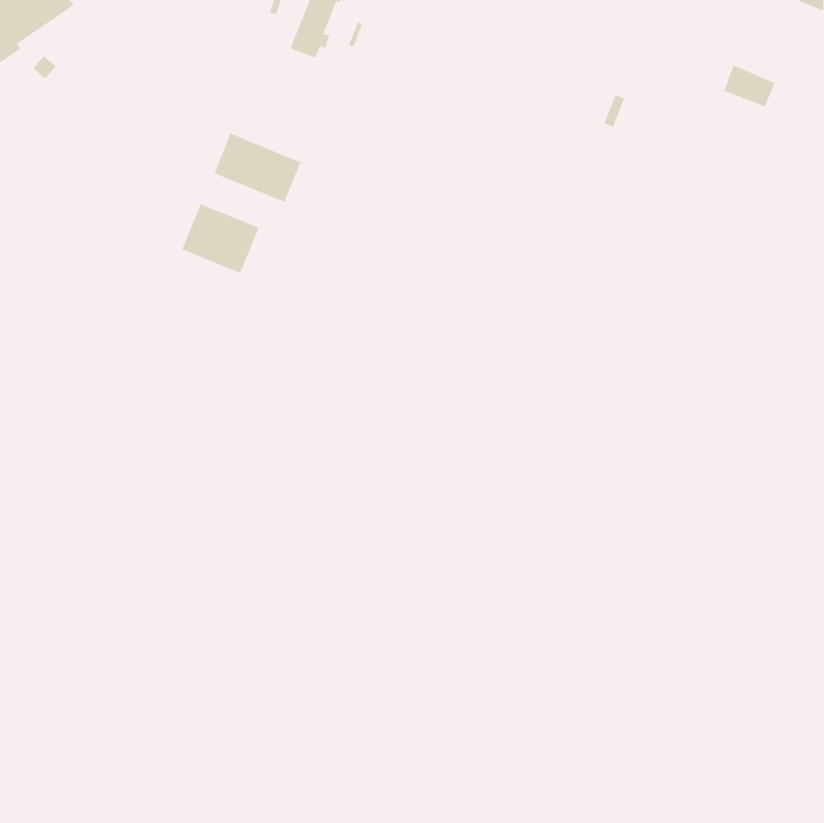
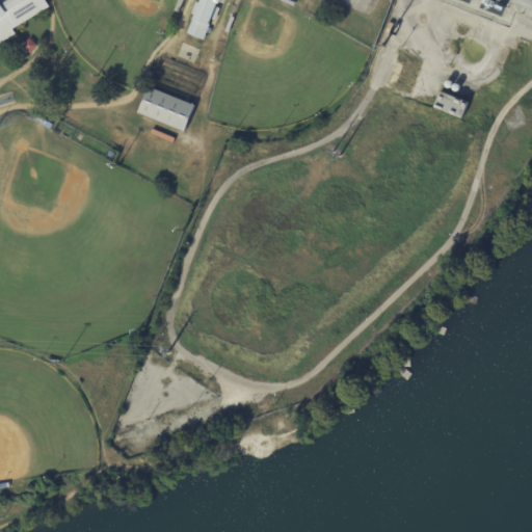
building: [723,65,775,107] -> [433,88,467,115]
building: [181,203,260,274] -> none

